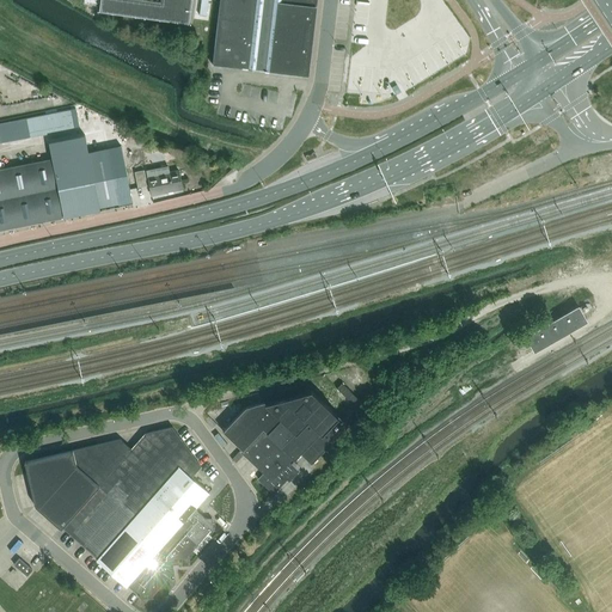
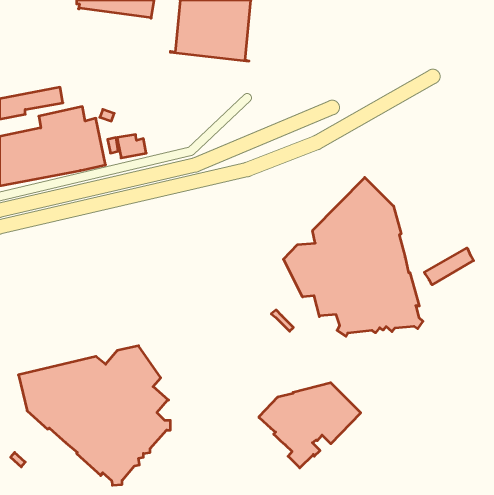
building: none -> [283,177,423,336]
building: [221,388,347,494] -> [259,383,361,468]

